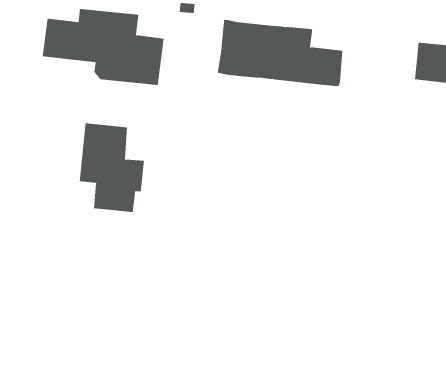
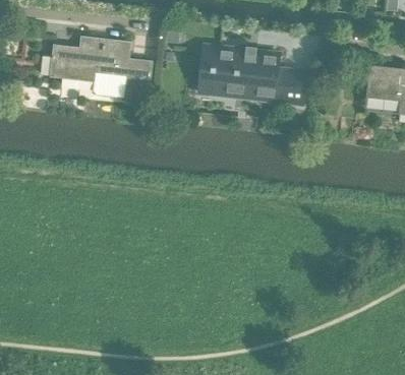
building: [79,123,145,213] -> none

